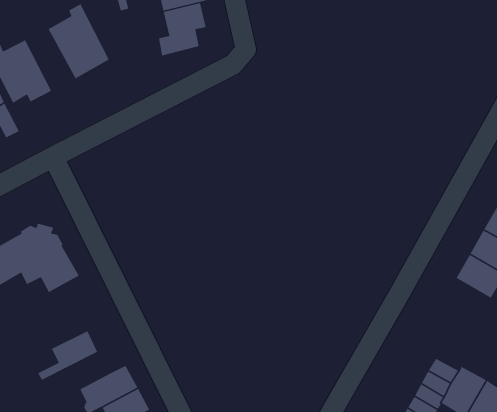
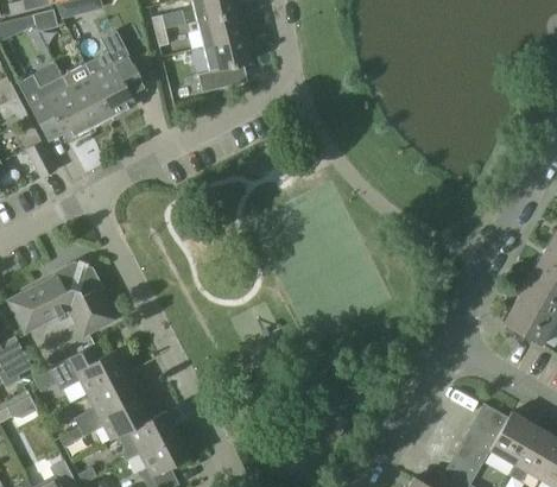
building: none -> [62,64,113,128]
building: none -> [48,343,126,393]
building: none -> [78,397,148,438]

